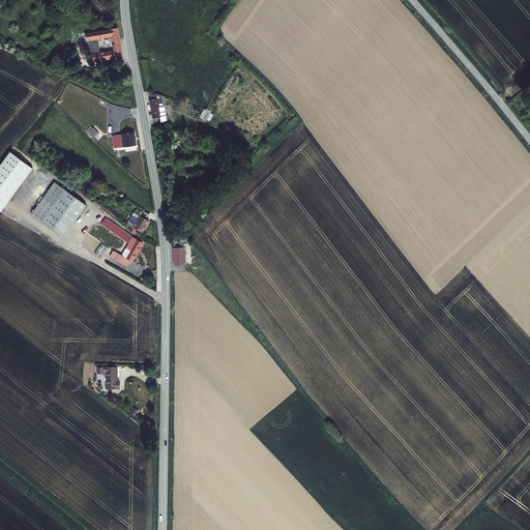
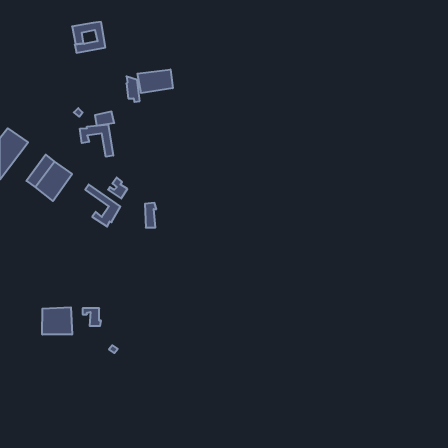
building: none -> [137,69,173,93]
building: none -> [80,125,113,157]
building: none -> [42,307,72,335]

